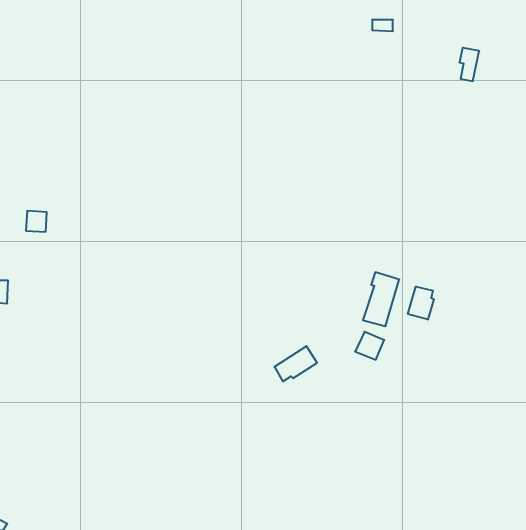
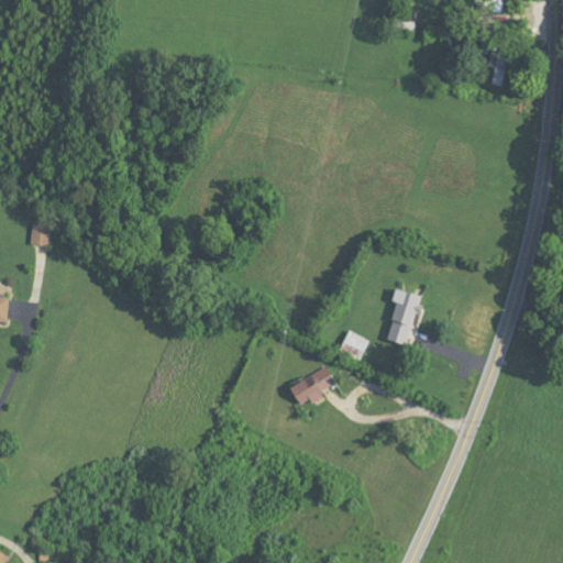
building: [408,286,434,320] -> none
building: [355,332,384,360] -> [338,331,368,361]

